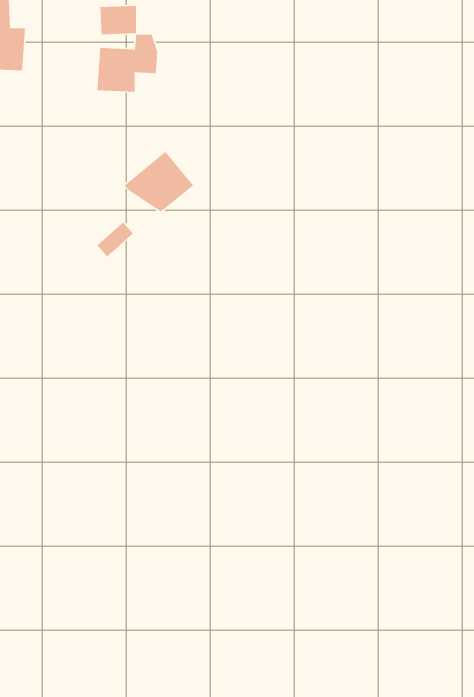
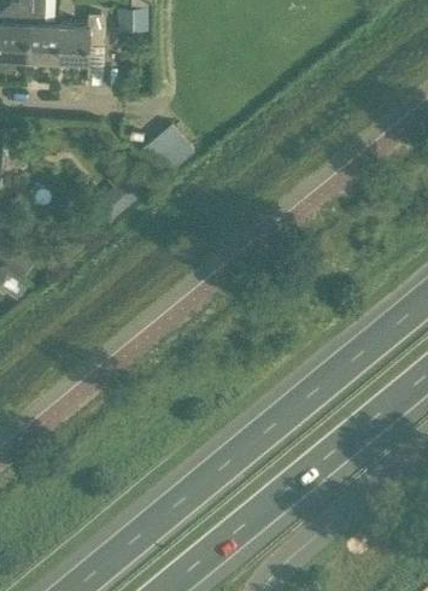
building: [97,34,158,92] -> [57,16,106,63]

